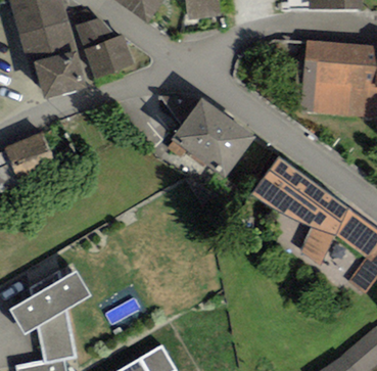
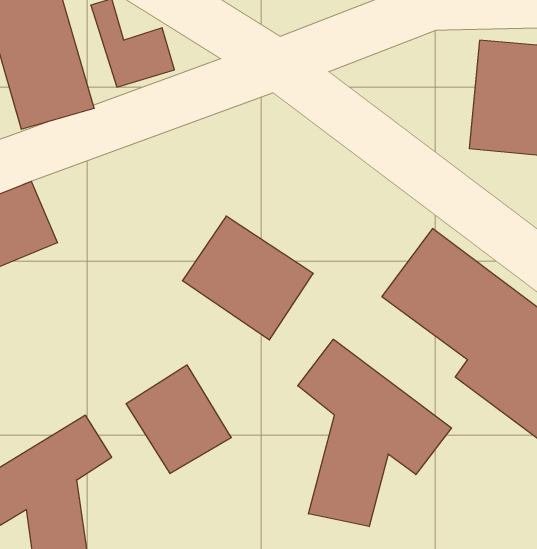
building: [170,102,246,175] -> [182,216,313,340]
building: none -> [298,339,452,527]
building: none -> [126,365,231,474]

